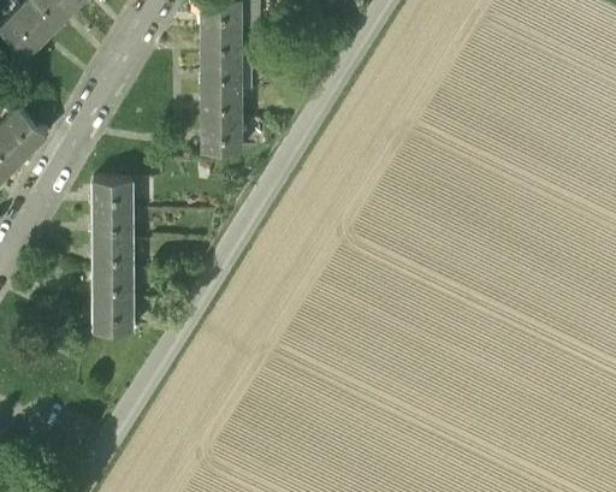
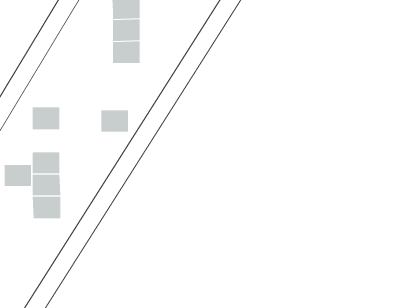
building: [202,121,241,152] -> [101,110,129,132]
building: [93,212,131,242] -> [4,165,32,187]

